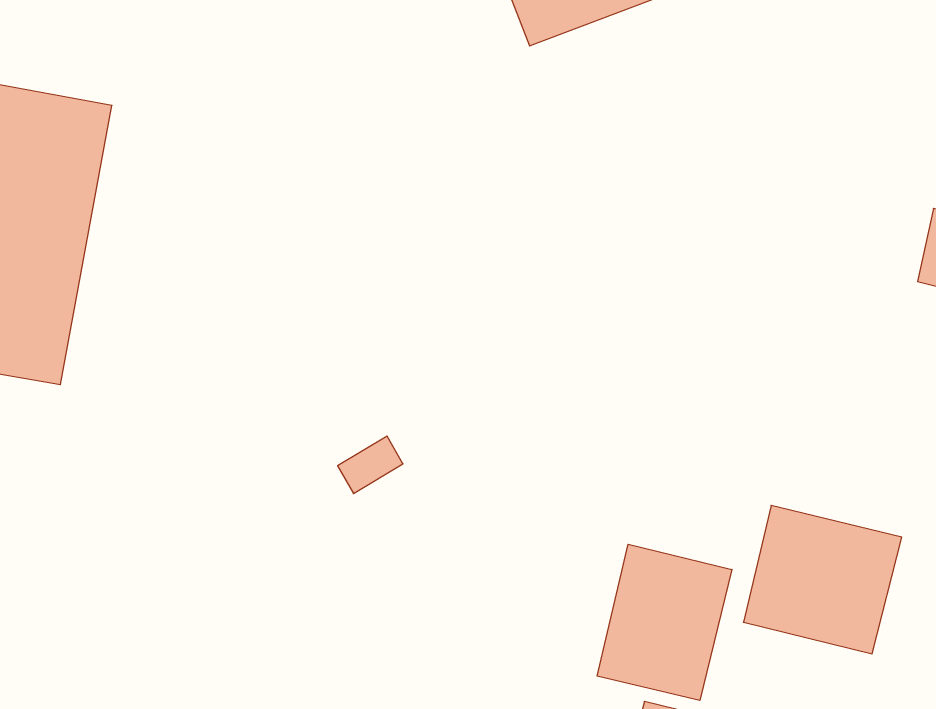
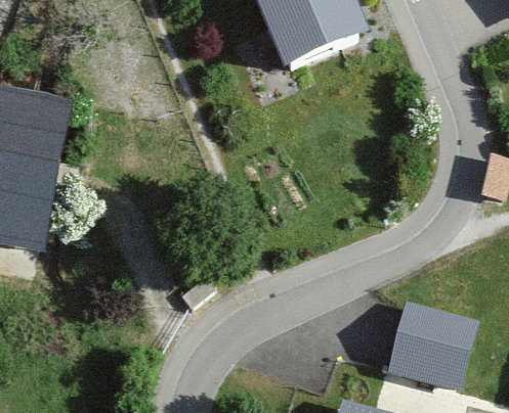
building: [597,544,732,700] -> none

